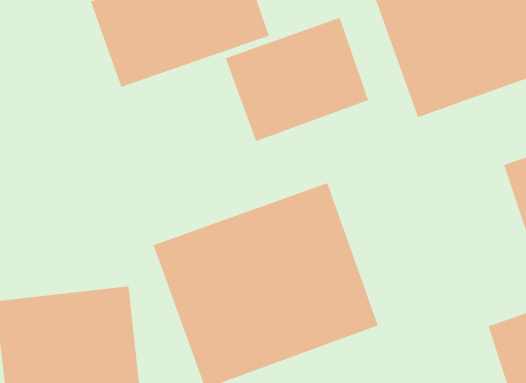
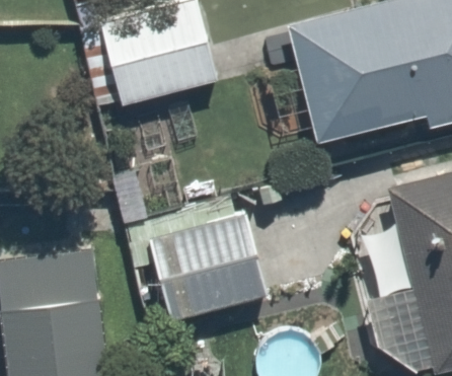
building: [225,17,369,142] -> none

